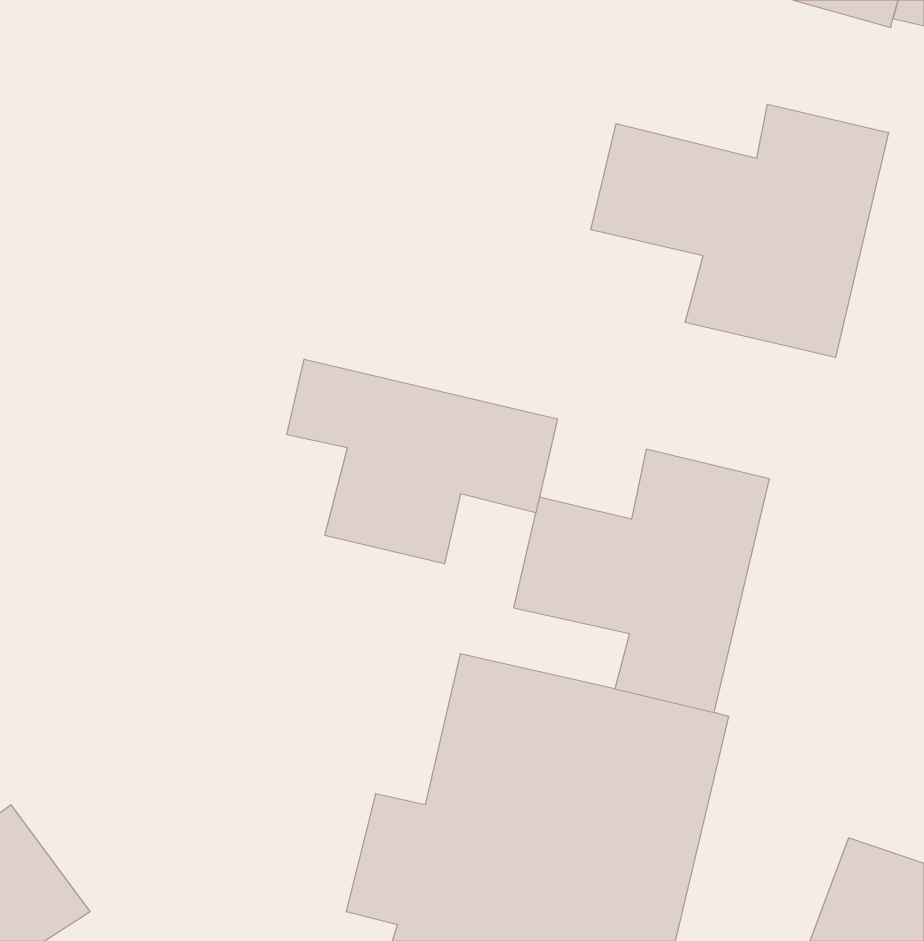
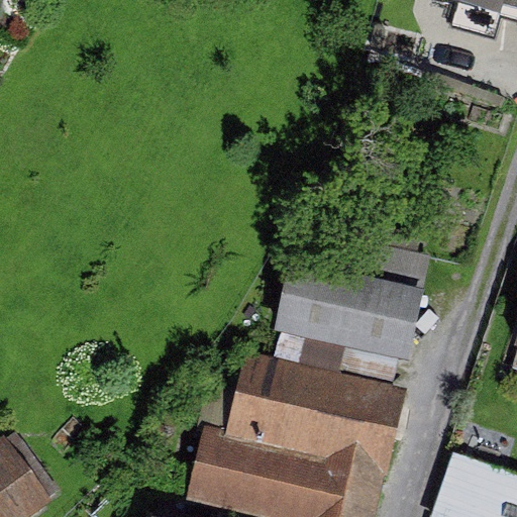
building: [591,104,889,358] -> none
building: [287,359,558,564] -> none

